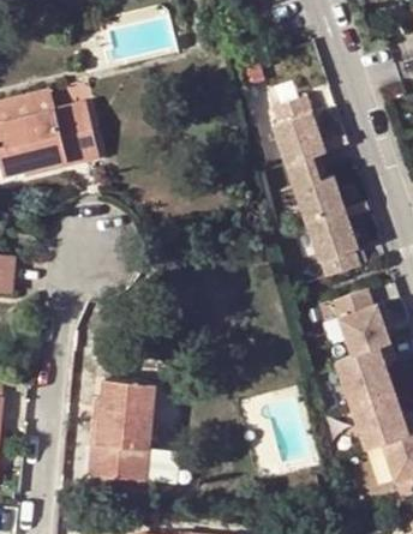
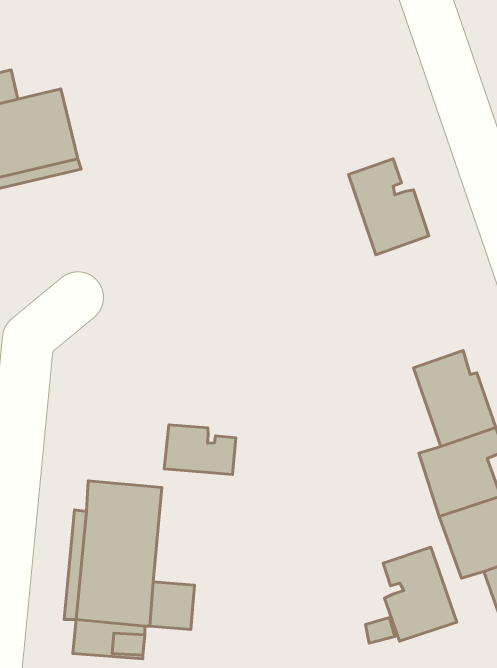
building: [270,95,324,164] -> none
building: [305,208,358,277] -> none
building: none -> [164,425,236,475]
building: none -> [383,547,457,641]

